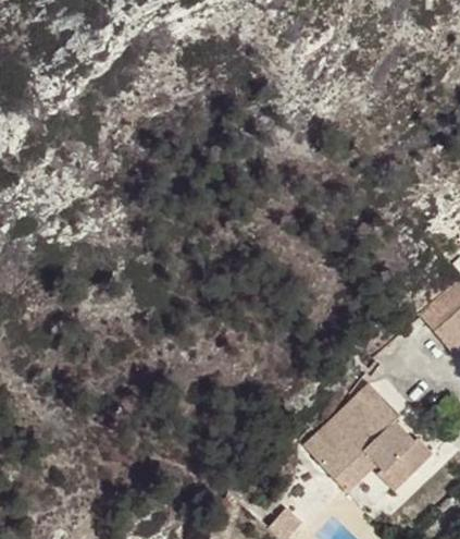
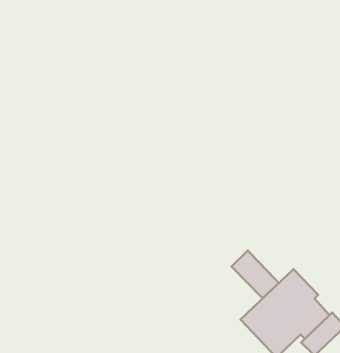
building: none -> [232,250,279,298]

